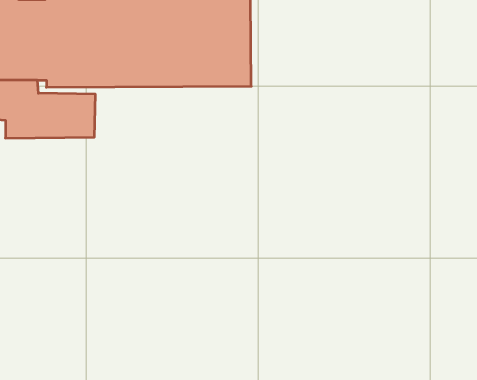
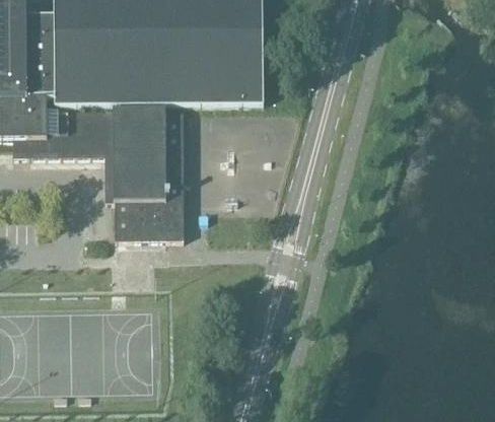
building: none -> [103,108,184,237]

